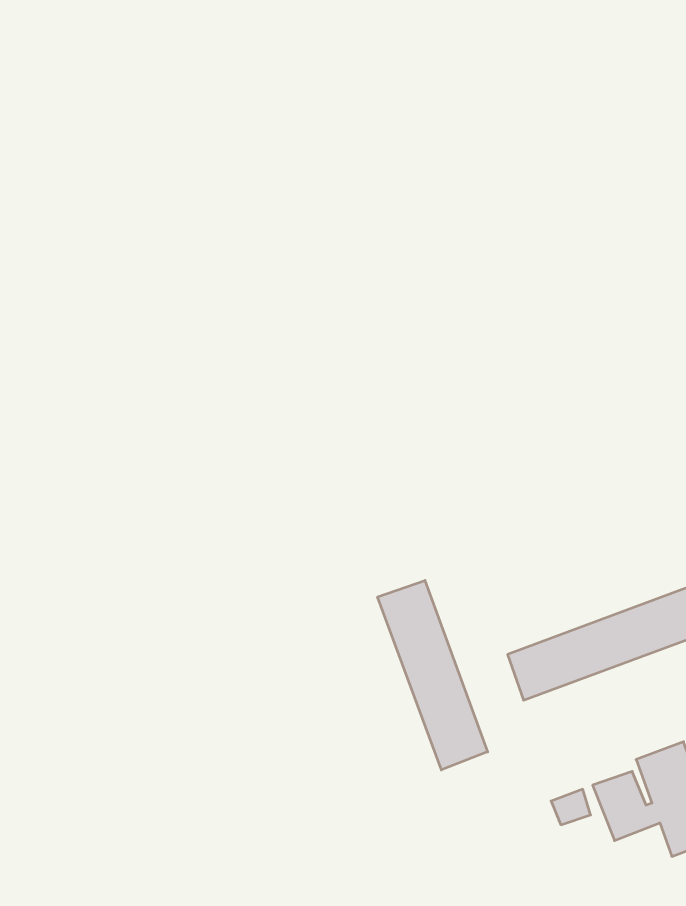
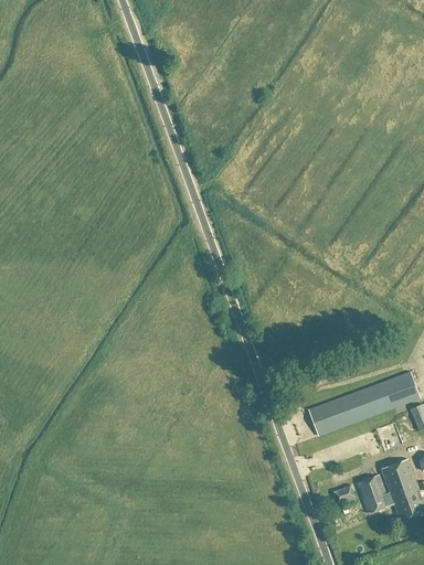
building: [378,580,488,770] -> none

